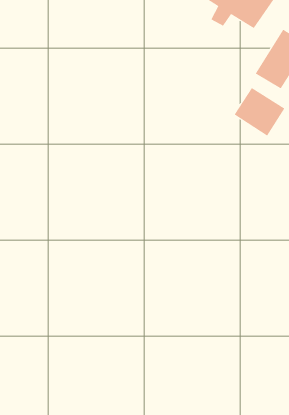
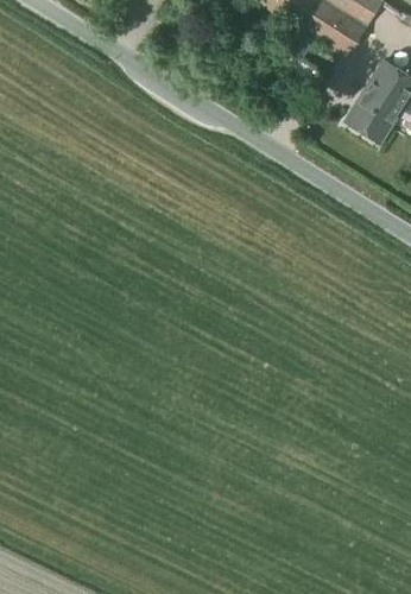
building: [234,87,285,136] -> none

